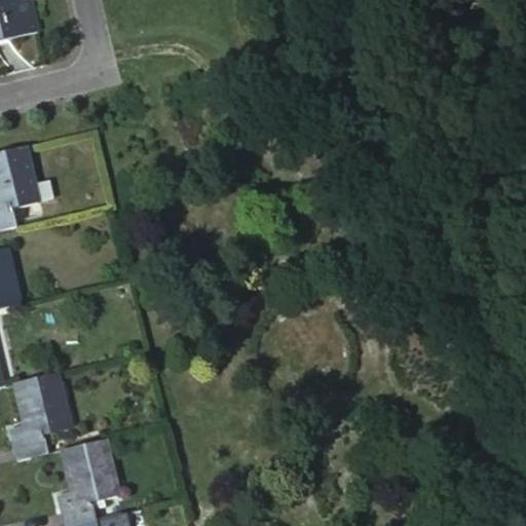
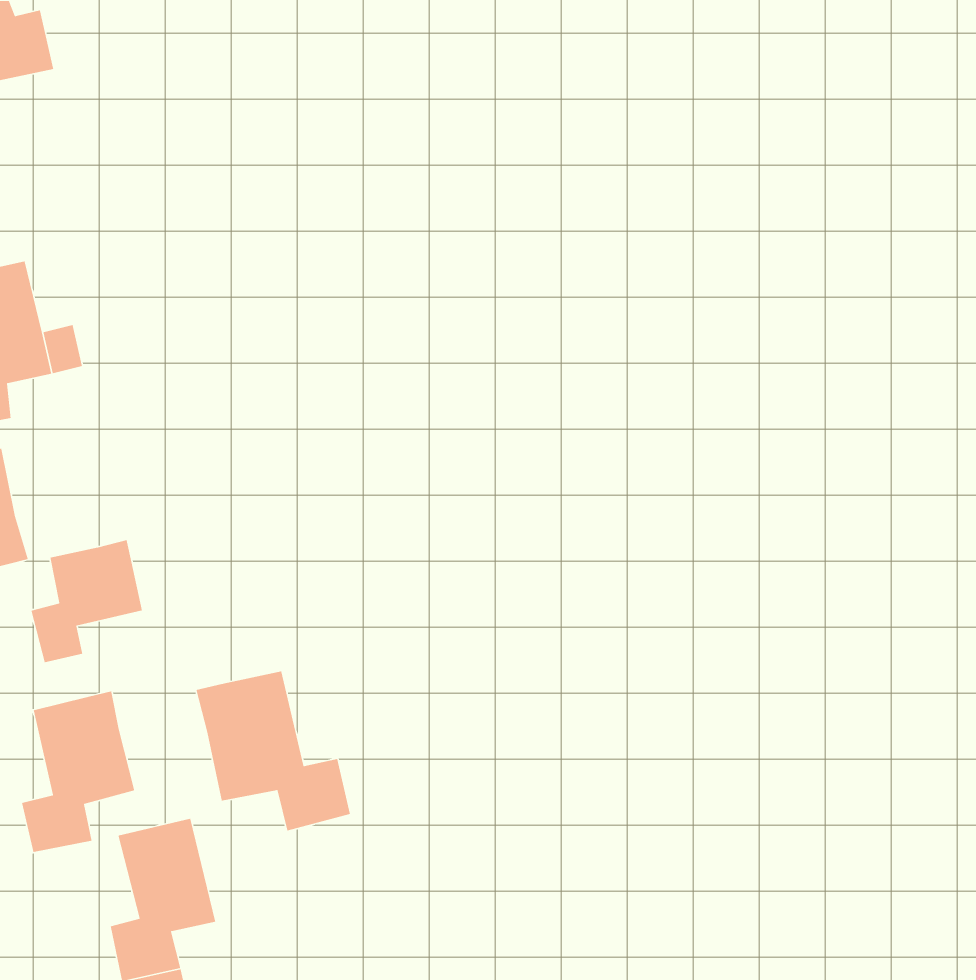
building: none -> [30,539,143,663]
building: none -> [195,671,351,832]

